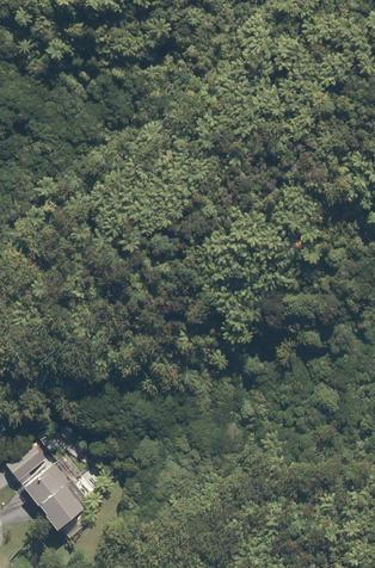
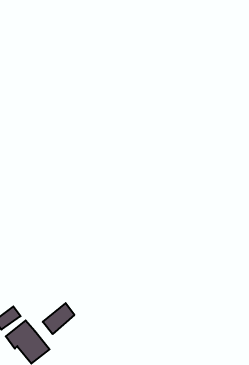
building: none -> [43,303,74,334]

